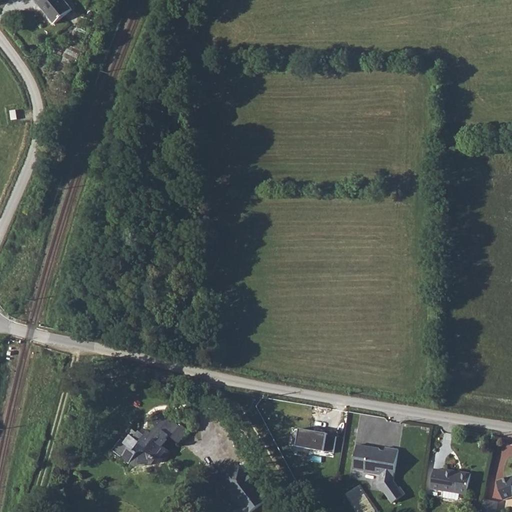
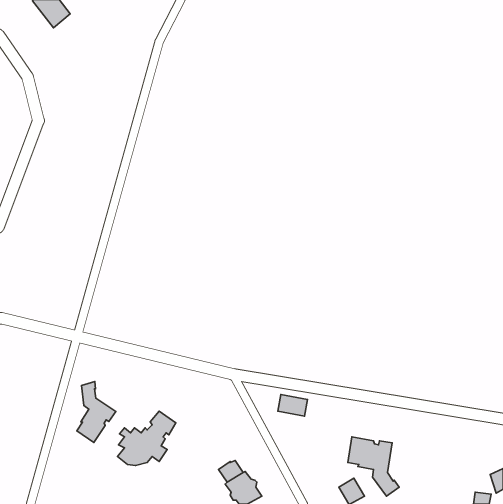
building: none -> [77,382,116,443]
building: [296,427,326,449] -> [278,395,308,416]
building: [430,468,470,494] -> none

